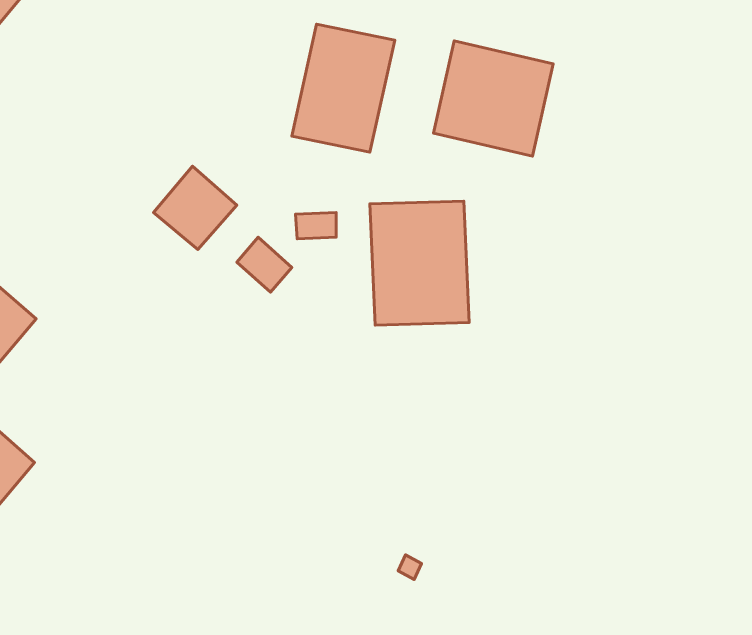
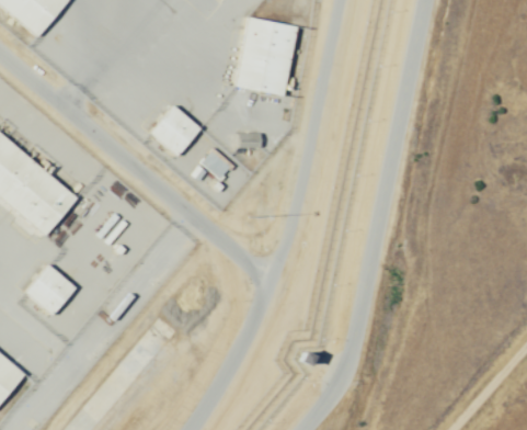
building: [434,41,553,156] -> none
building: [370,201,469,325] -> none

